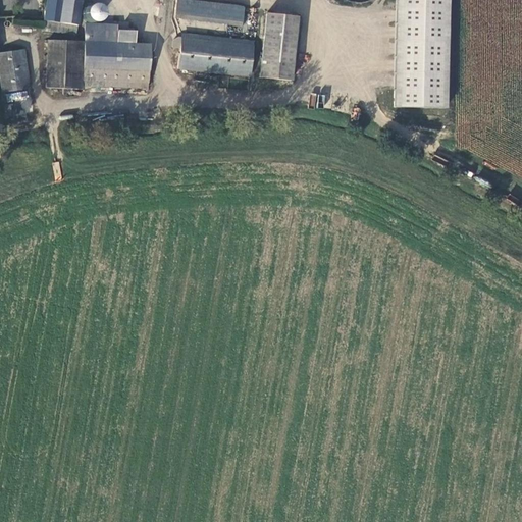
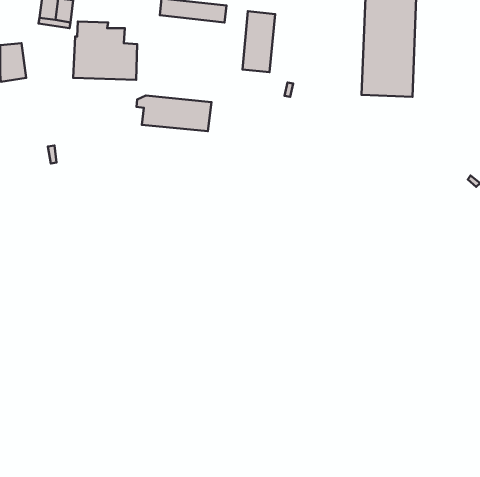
building: [172,36,254,74] -> [136,96,212,131]
building: [47,39,82,89] -> none

